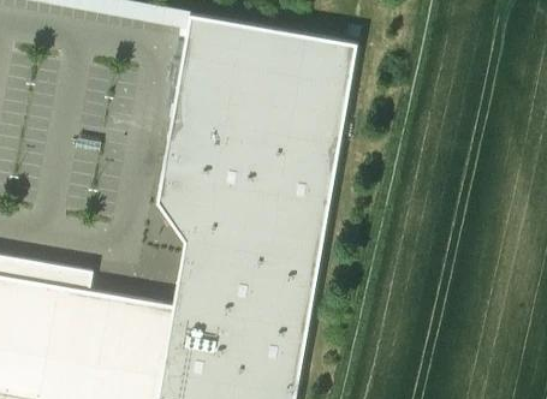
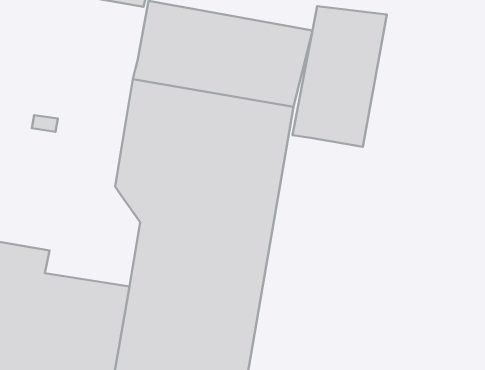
building: none -> [292,6,387,147]

